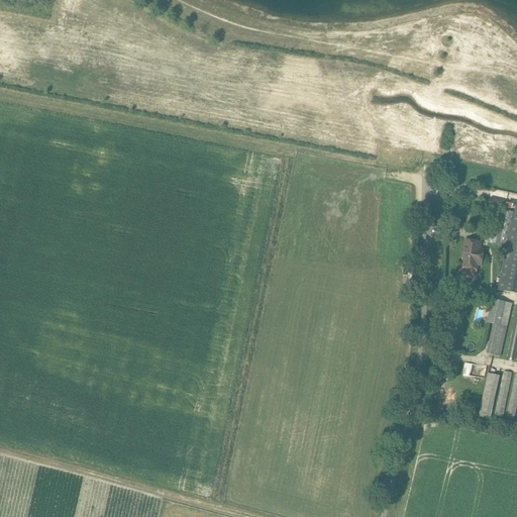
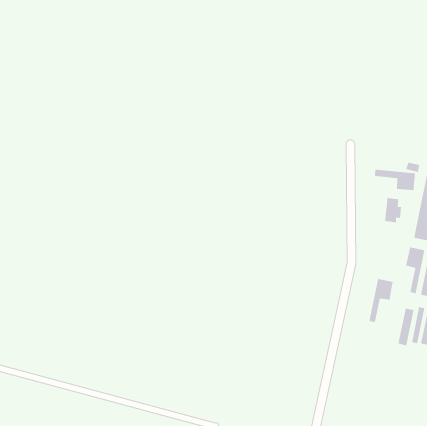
building: none -> [374,169,416,191]
building: none -> [369,278,394,323]

